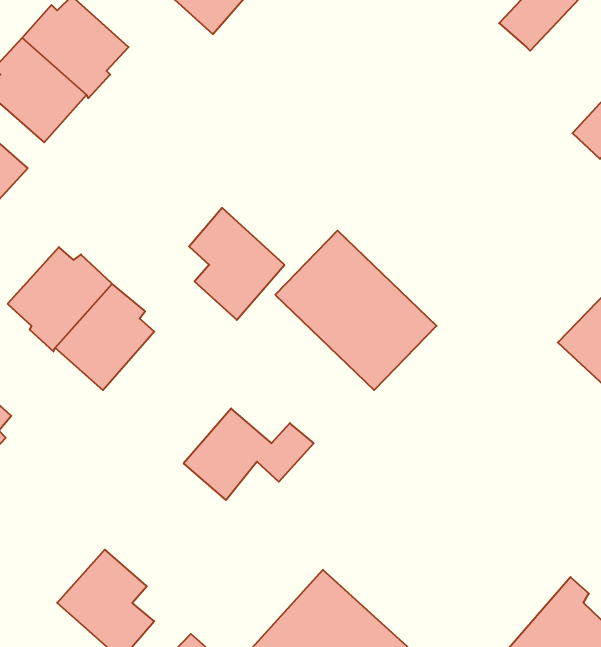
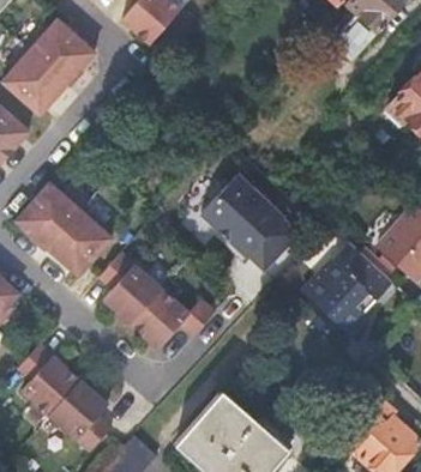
building: [189,208,284,320] -> [101,252,163,325]
building: none -> [303,238,390,335]
building: none -> [18,344,80,416]

